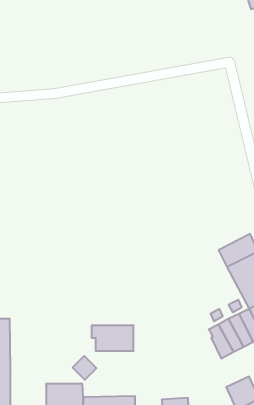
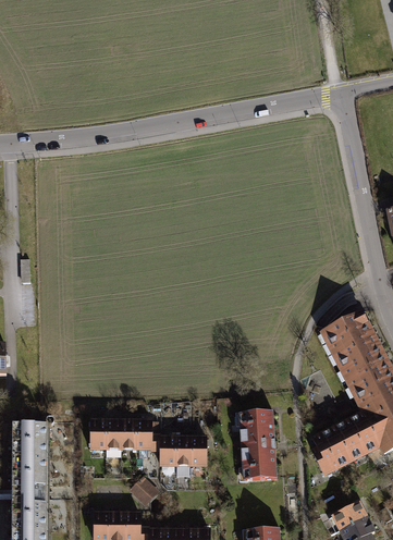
building: none -> [238,414,278,481]
building: none -> [90,420,153,451]

